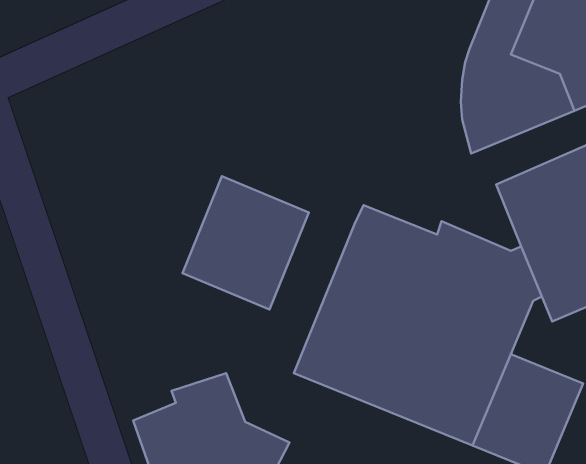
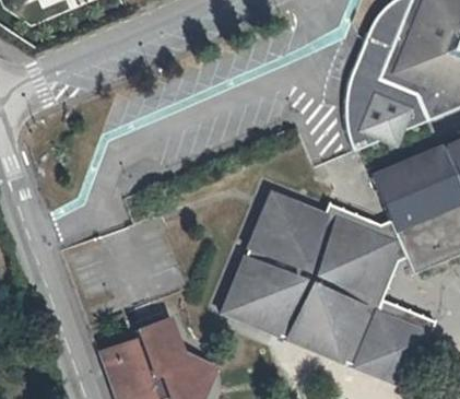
building: [182,176,309,309] -> none

